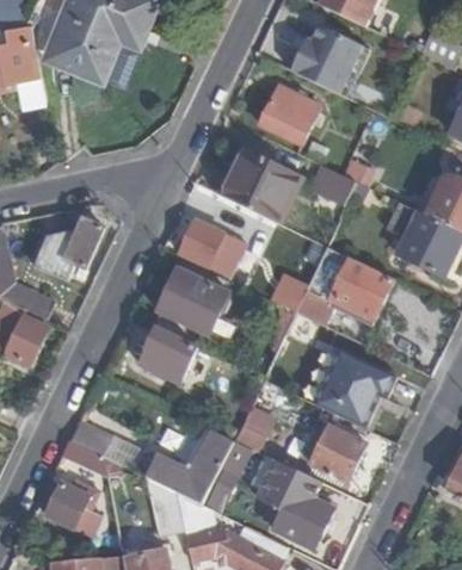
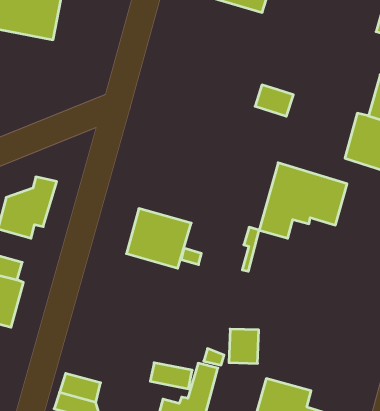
building: [259,85,318,141] -> none
building: [221,148,297,222] -> none
building: [181,219,239,271] -> none
building: [142,330,195,382] -> none
building: [319,354,395,428] -> none
building: [312,427,365,481] -> none

